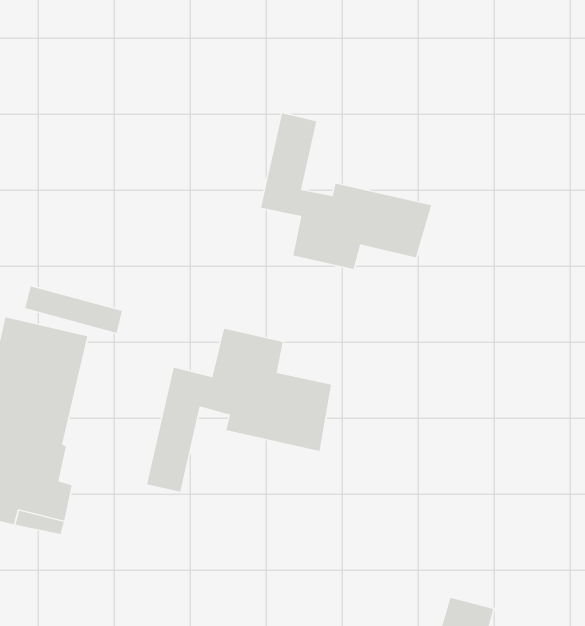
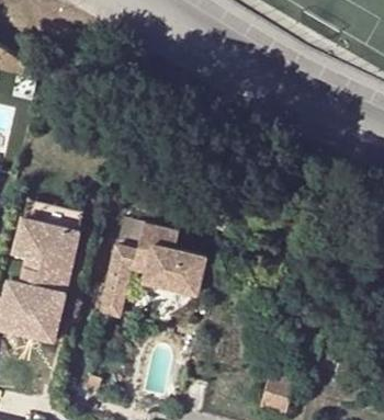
building: [260,112,432,270] -> none

